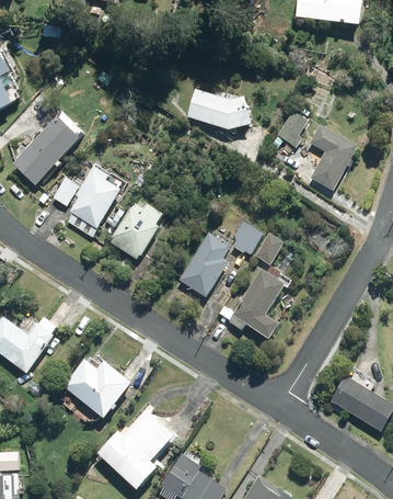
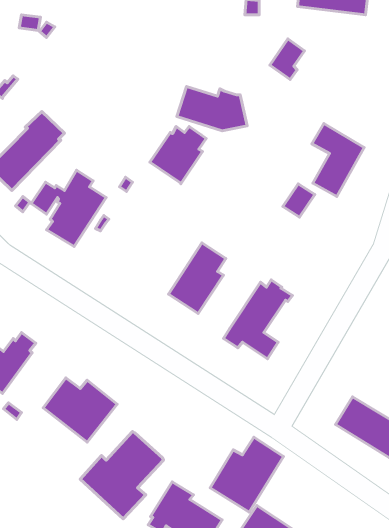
building: [276,110,308,147] -> [270,39,304,79]
building: [111,204,162,257] -> [150,126,206,184]
building: [231,220,263,256] -> none
building: [254,235,284,265] -> [283,184,315,217]
building: none -> [210,437,284,512]

